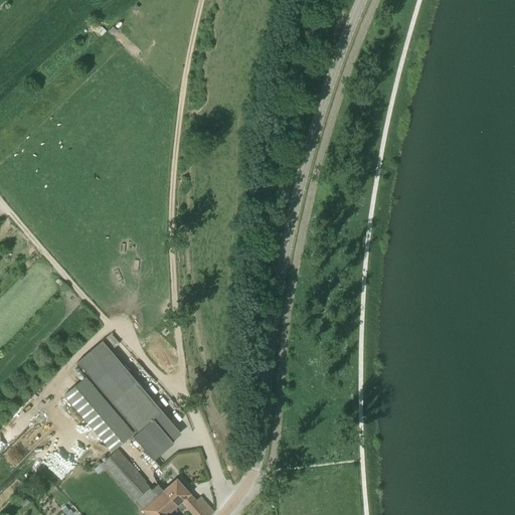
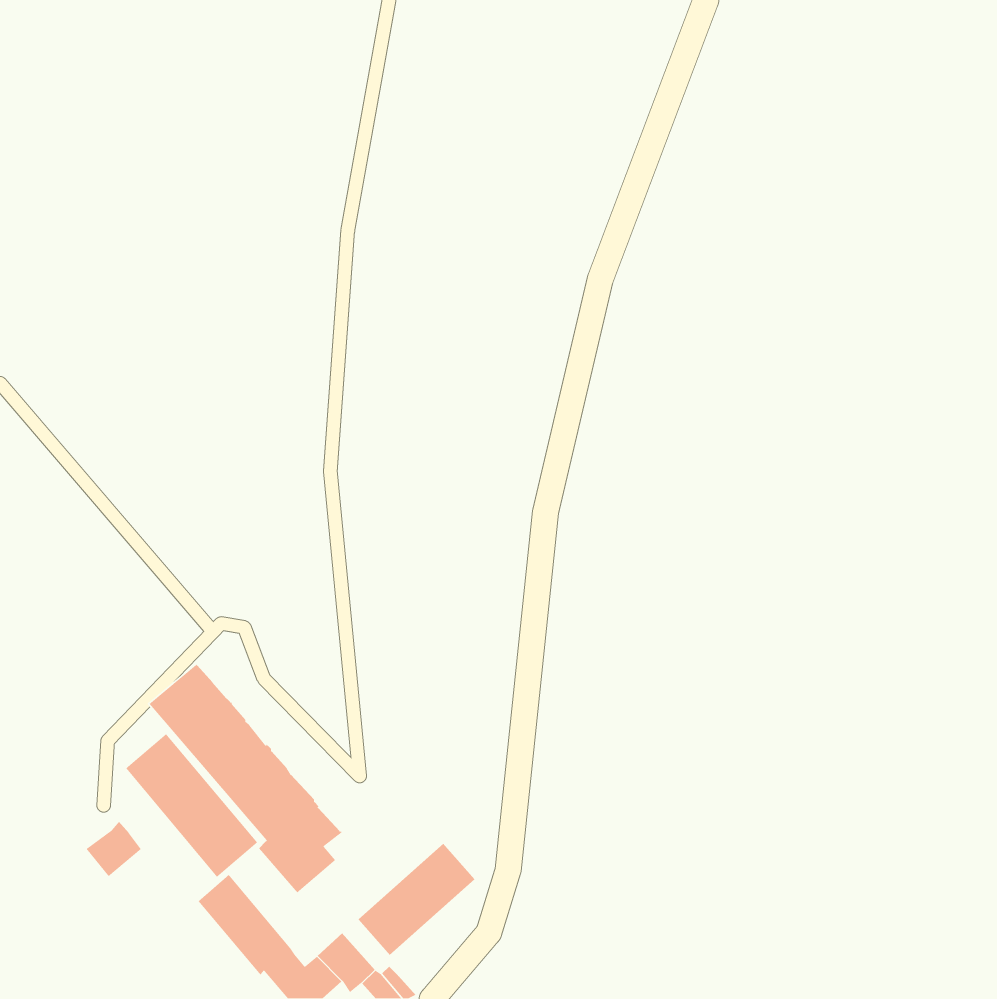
building: none -> [86,821,142,877]
building: none -> [358,843,475,956]

